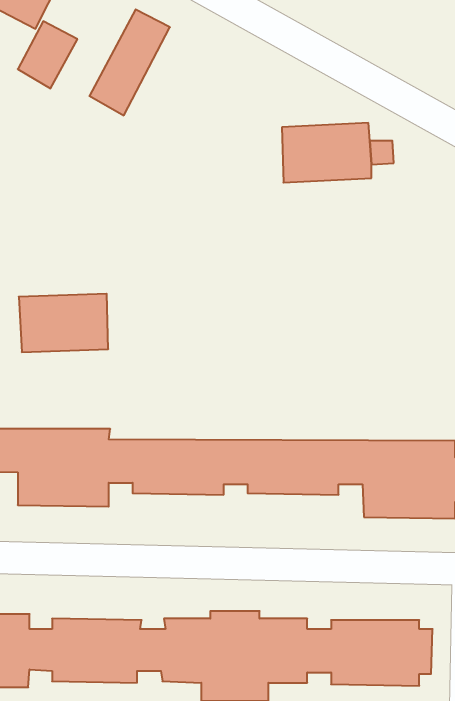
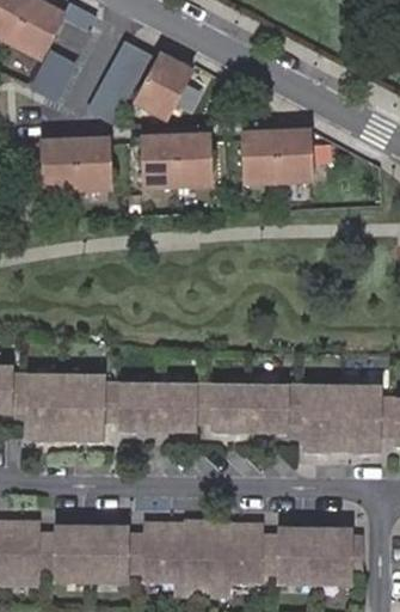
building: none -> [134,56,192,120]
building: none -> [139,135,210,182]
building: [19,294,108,352] -> [38,140,110,186]

